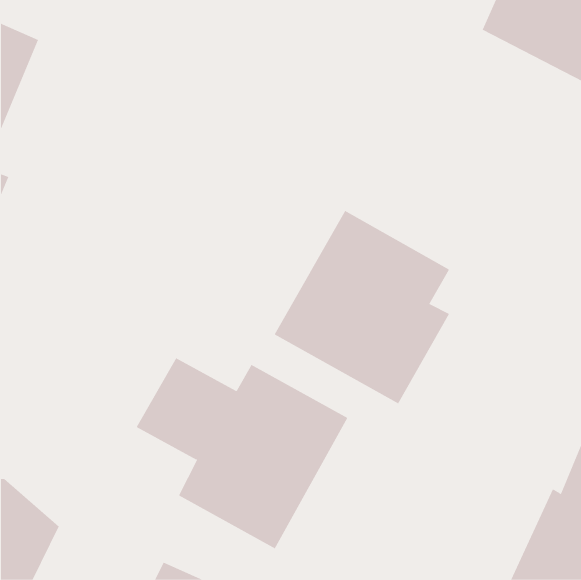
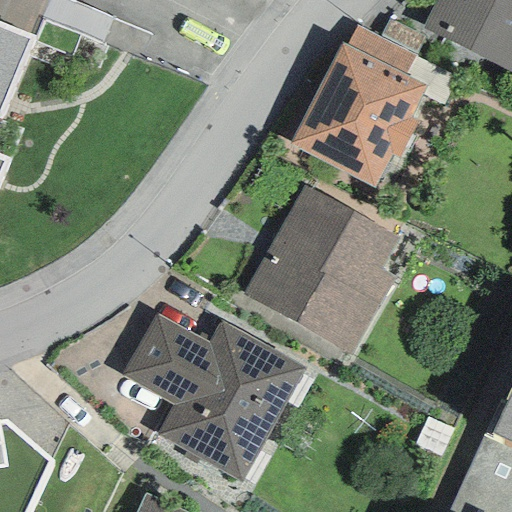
building: none -> [290,23,426,186]

